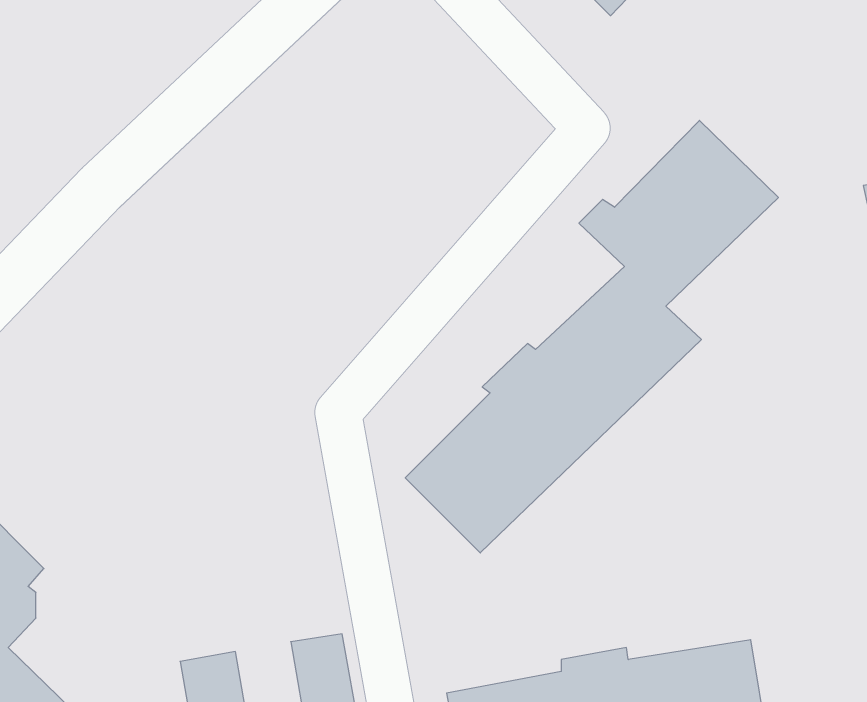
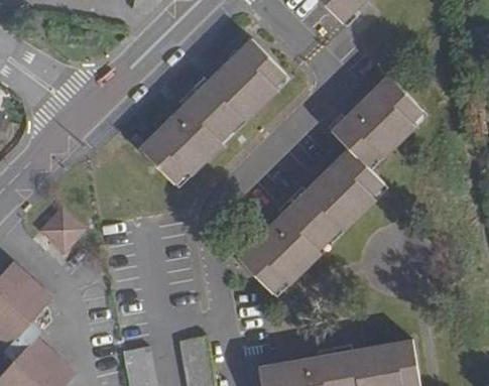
building: none -> [140,38,289,186]
building: none -> [39,208,86,254]

